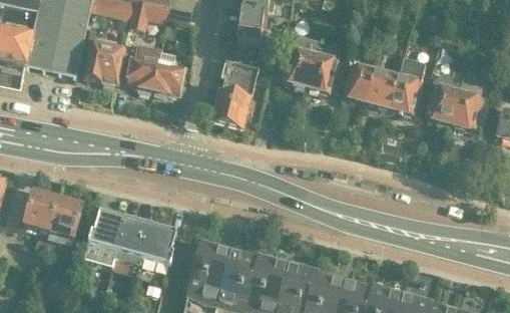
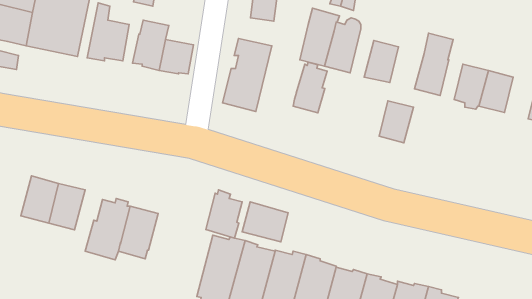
building: [367,66,399,105] -> [379,101,413,143]
building: none -> [293,62,327,113]
building: none -> [242,202,288,242]
building: [141,219,175,264] -> [206,190,242,238]

